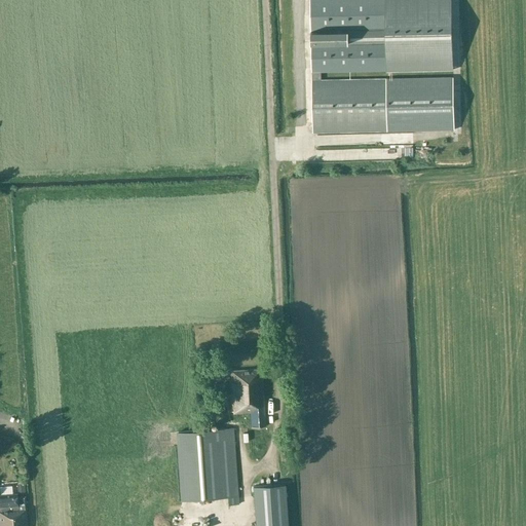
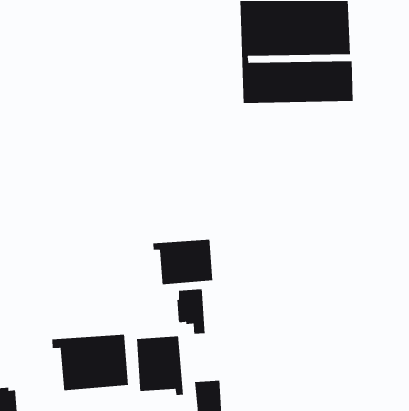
building: none -> [153,239,213,285]
building: none -> [51,334,129,391]

